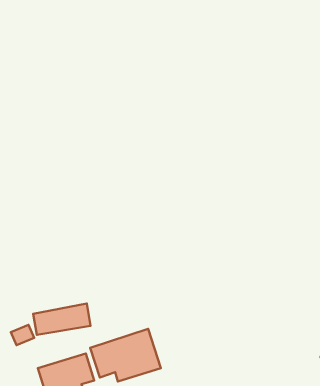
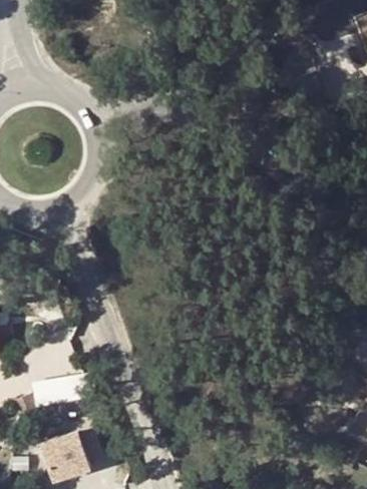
building: [90,329,161,382] -> none

